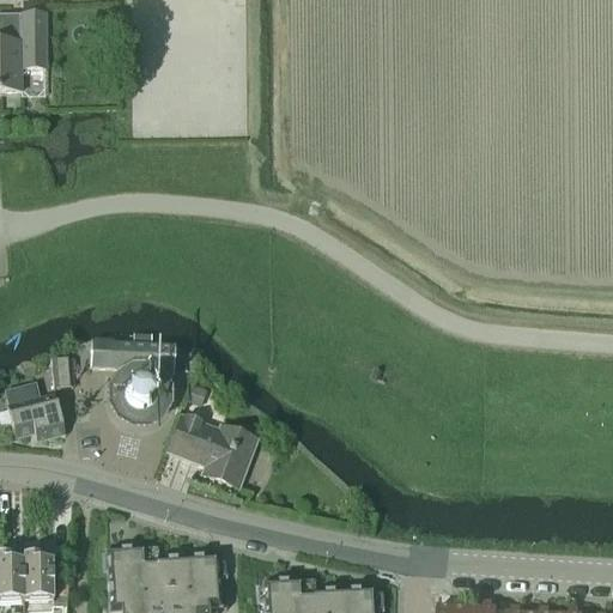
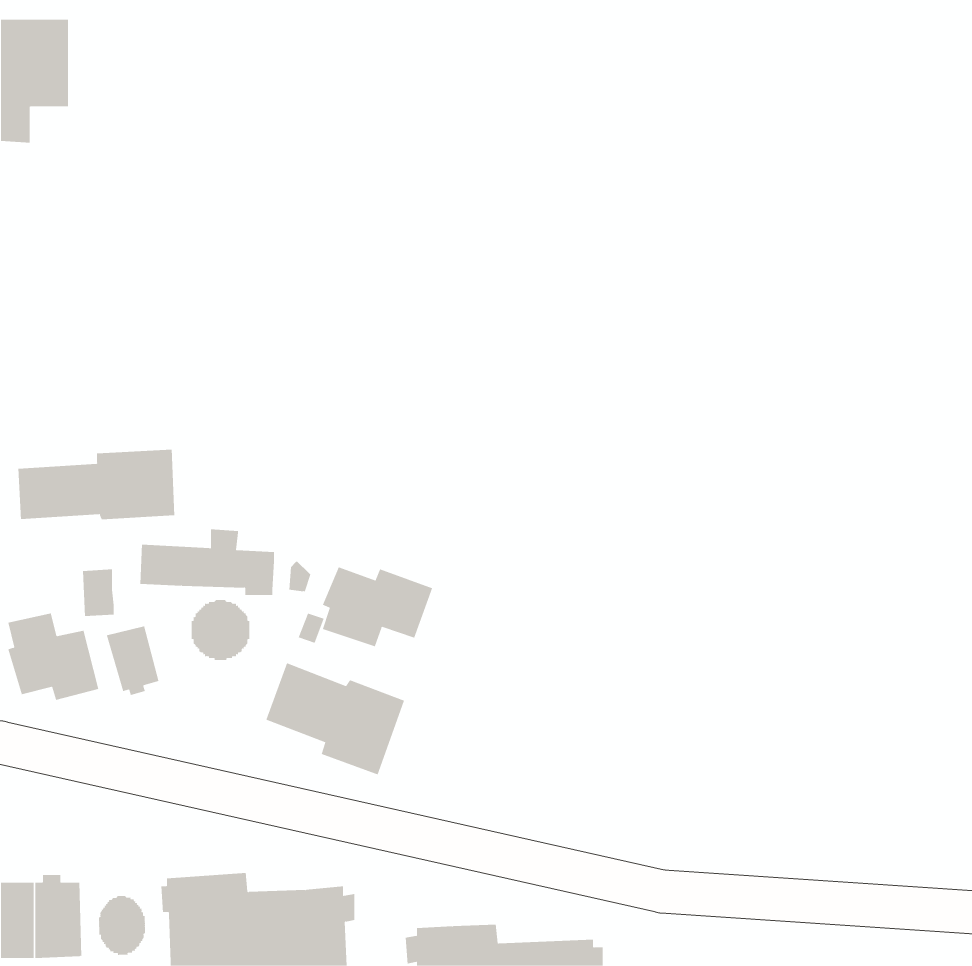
building: none -> [18,449,175,520]
building: none -> [322,566,433,647]
building: none -> [106,625,159,696]
building: none -> [98,895,146,956]

